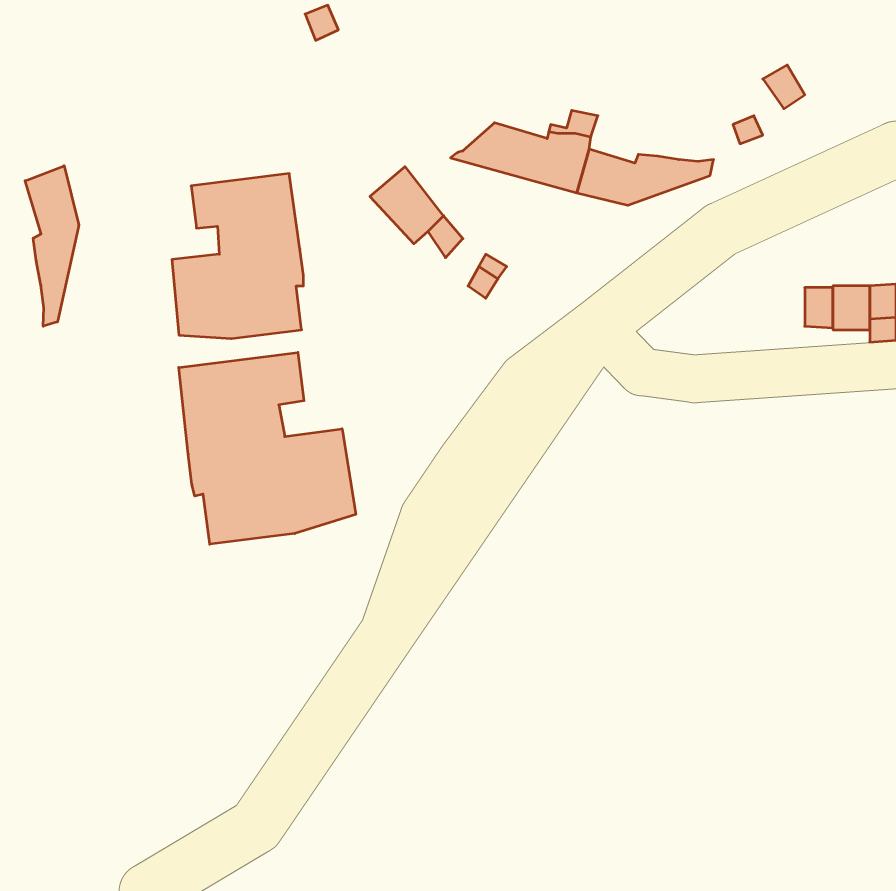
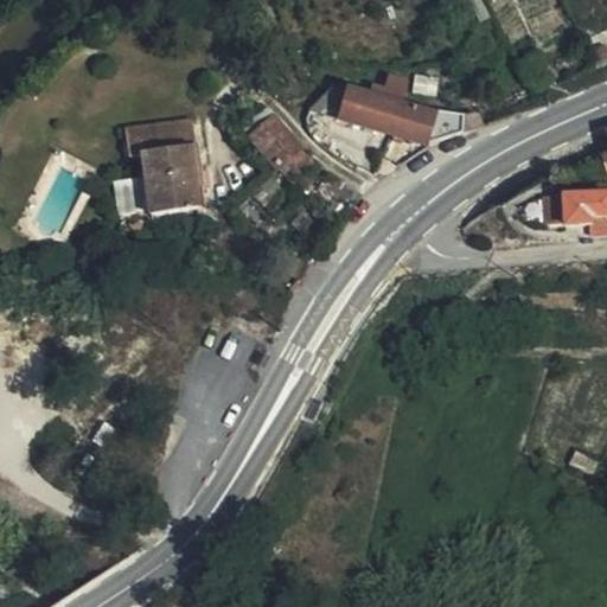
building: [25,166,79,326] -> none
building: [179,352,356,544] -> none

